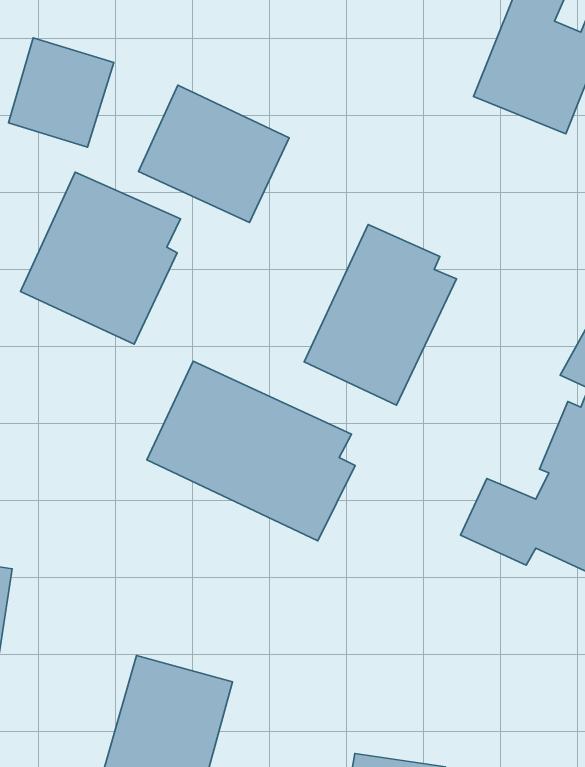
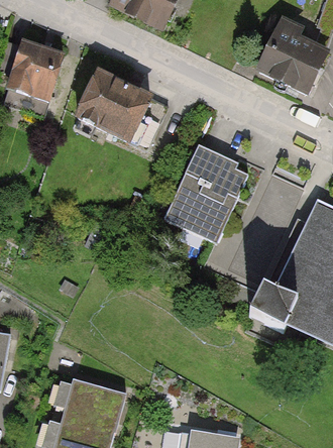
building: [20,172,181,344] -> none
building: [147,361,355,541] -> none

